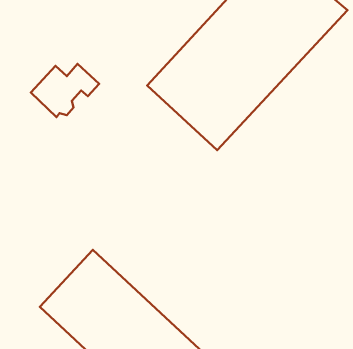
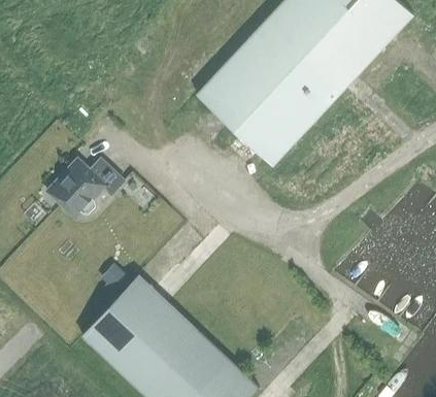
building: [31,64,99,117] -> [47,160,122,218]

